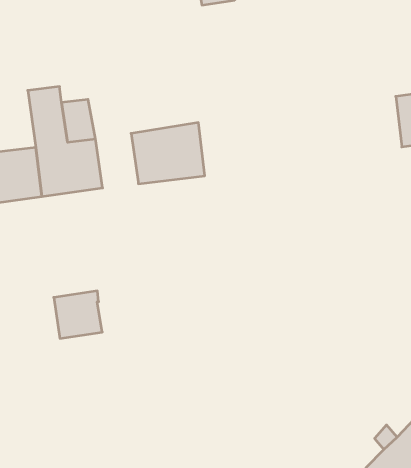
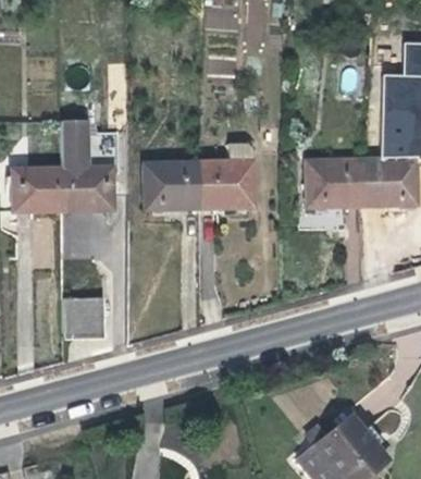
building: none -> [306,164,359,207]
building: none -> [197,165,253,210]

